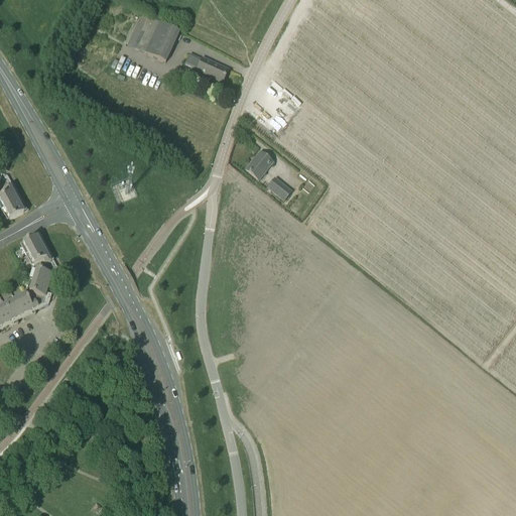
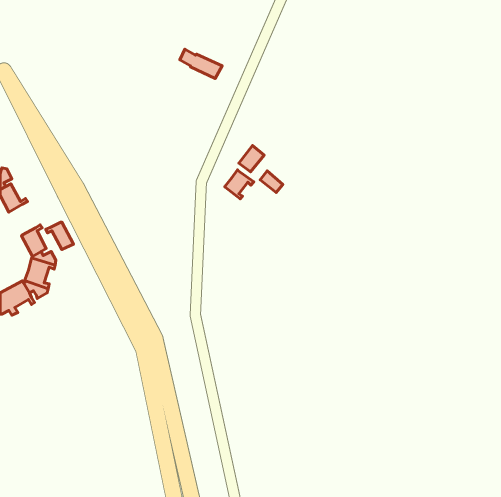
building: [127,11,179,59] -> none
building: none -> [225,170,254,199]
building: none -> [46,222,73,249]

